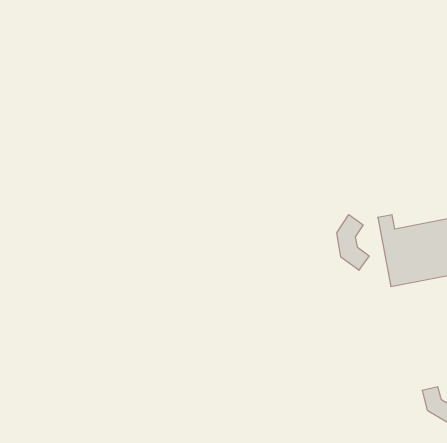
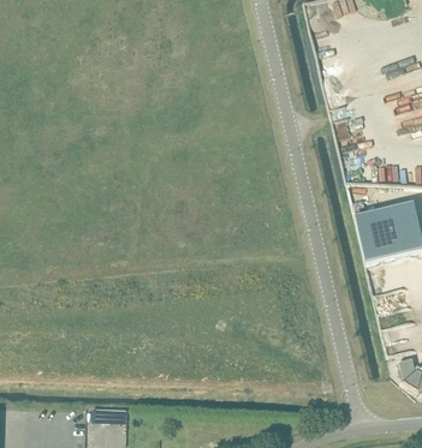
building: [337,215,369,270] -> none

